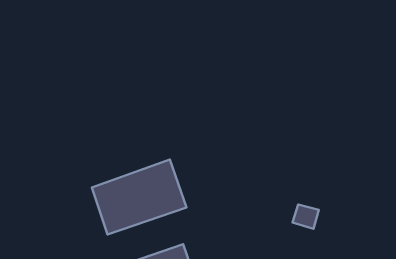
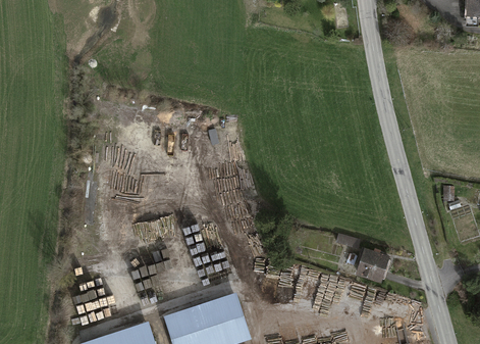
building: [92,160,186,234] -> none

